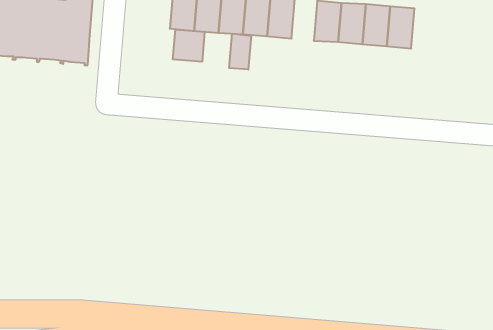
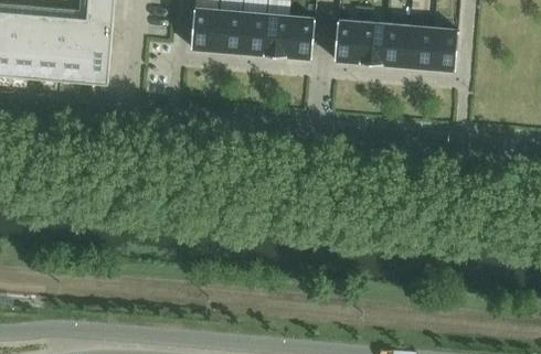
building: none -> [429,28,457,69]
building: [173,29,205,62] -> none
building: [229,34,251,70] -> none

